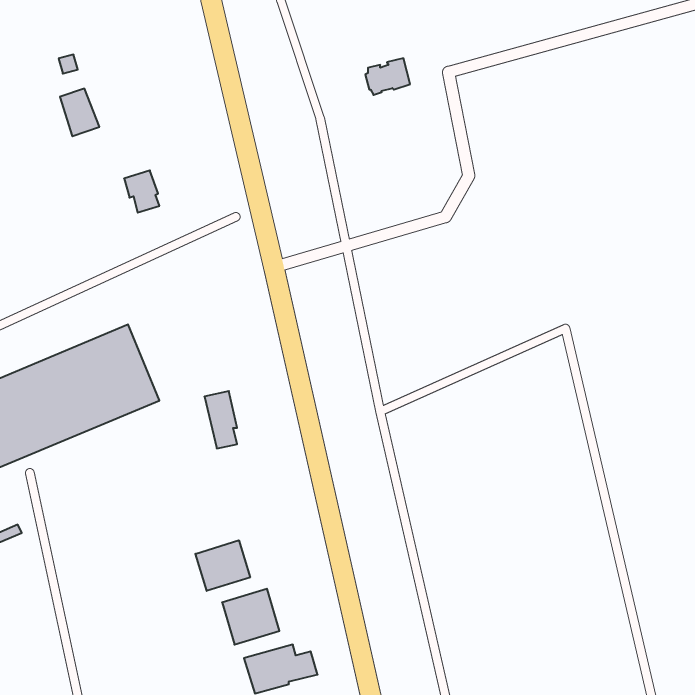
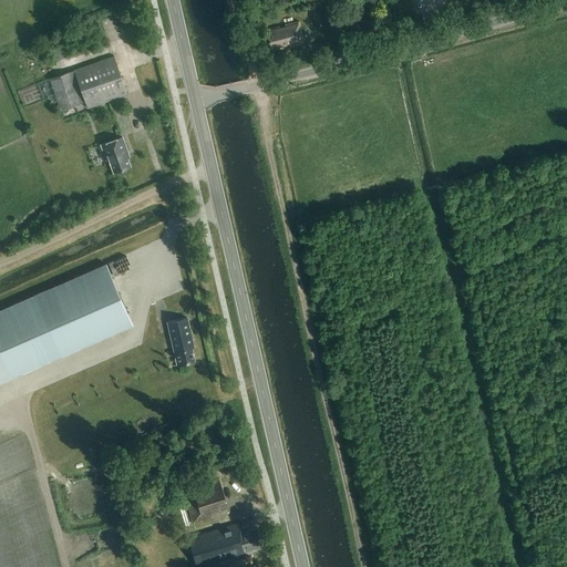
building: [365,58,410,95] -> [266,22,302,52]
building: none -> [73,58,126,110]
building: [195,540,250,591] -> none

